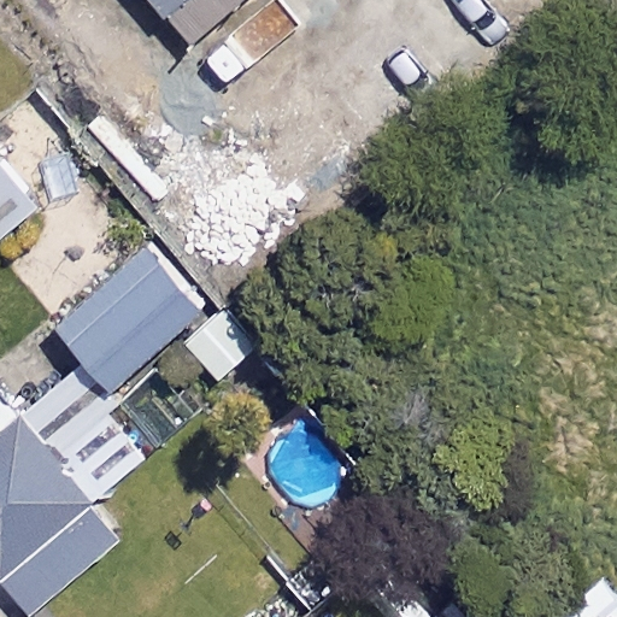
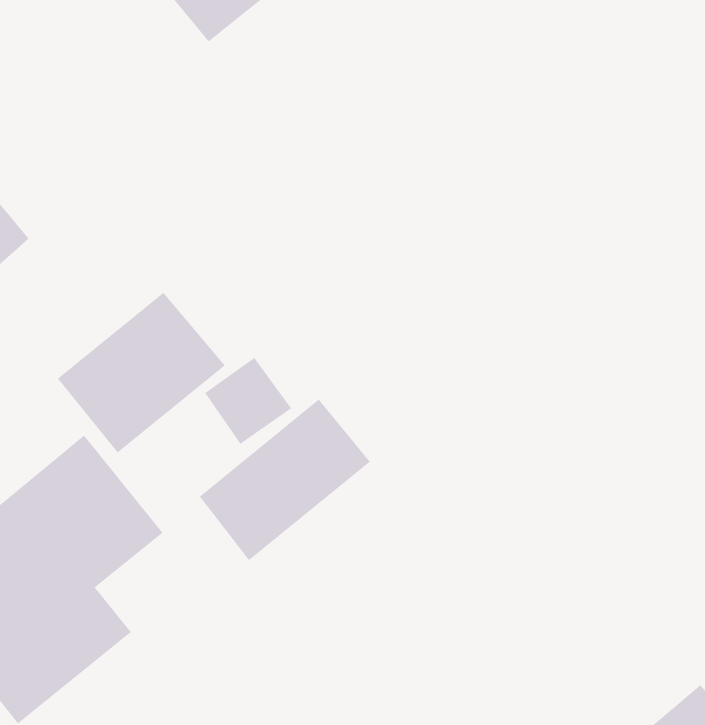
building: none -> [199,399,371,561]

